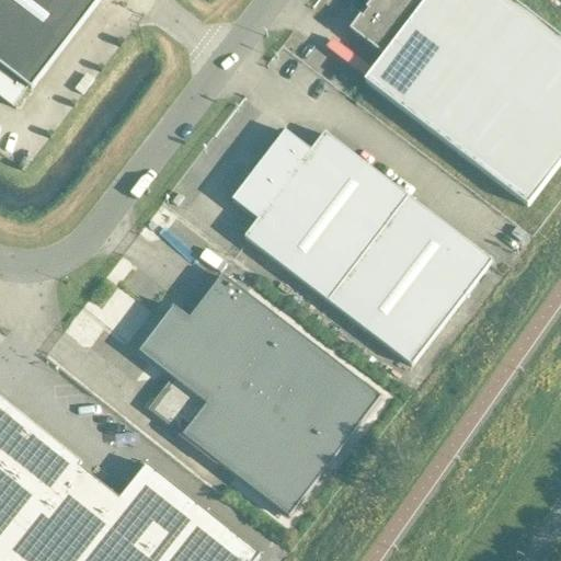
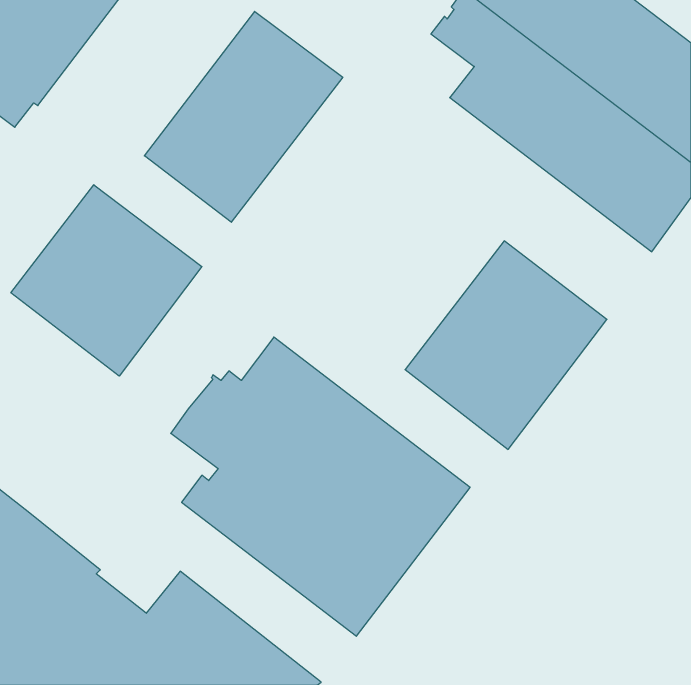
building: none -> [144,11,343,222]
building: [231,128,408,299] -> none
building: none -> [11,185,202,376]

